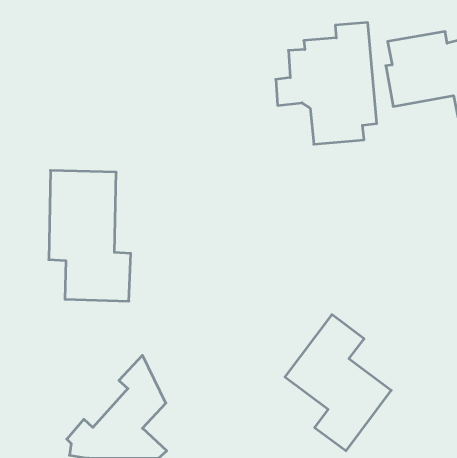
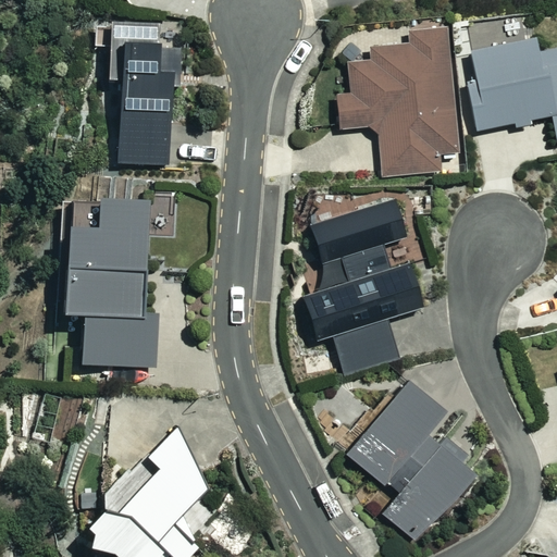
building: none -> [108,23,182,163]
building: none -> [302,200,423,373]

